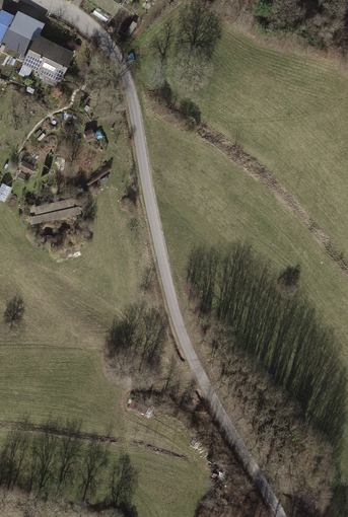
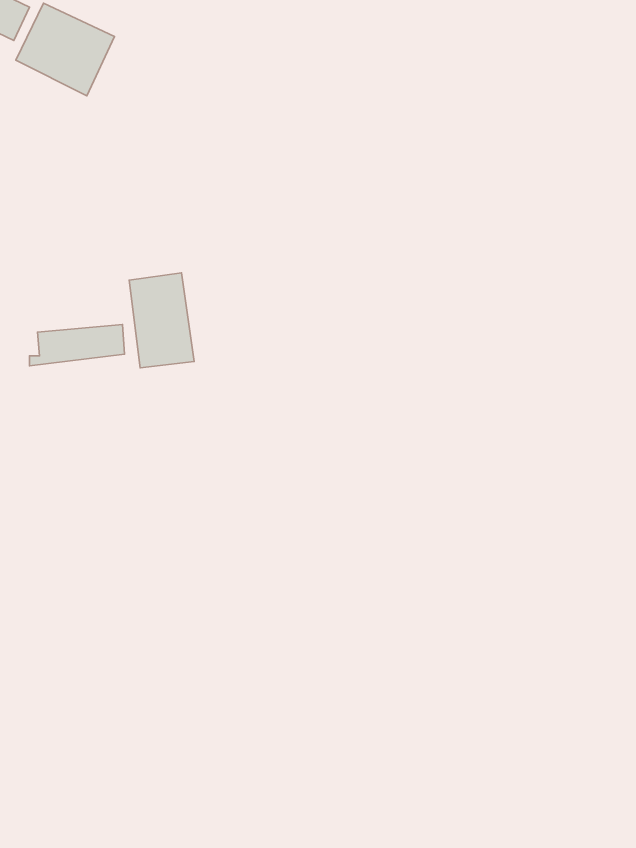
building: none -> [129,273,194,368]

